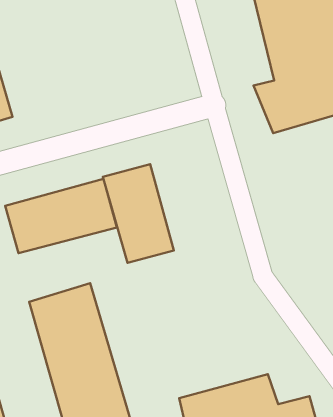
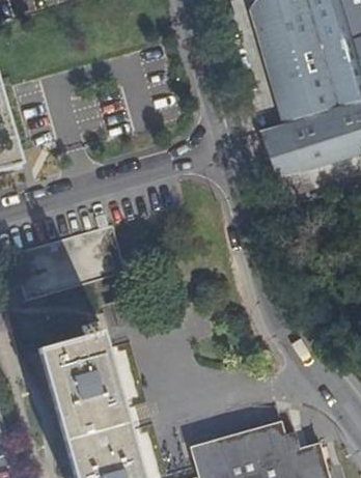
building: [103,164,174,263] -> none

